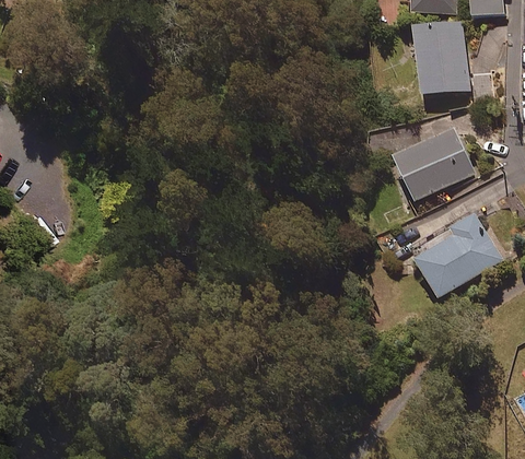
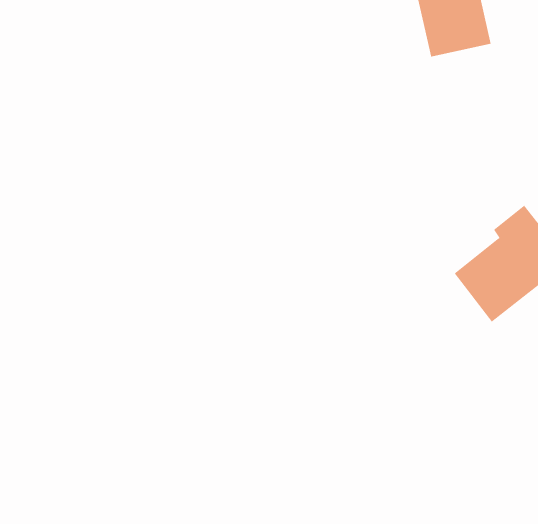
building: [394,129,474,200] -> none

